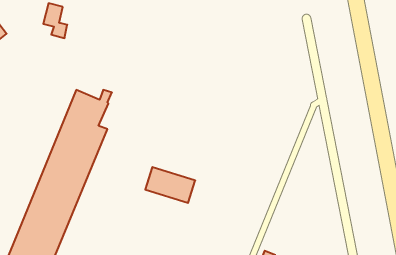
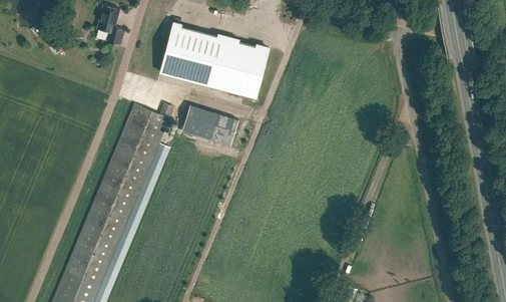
building: none -> [159,23,269,97]
building: [145,167,195,203] -> [181,105,237,145]

